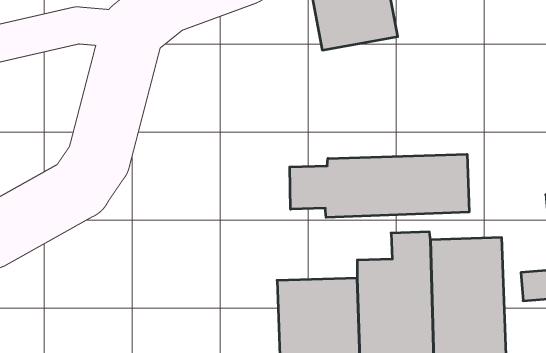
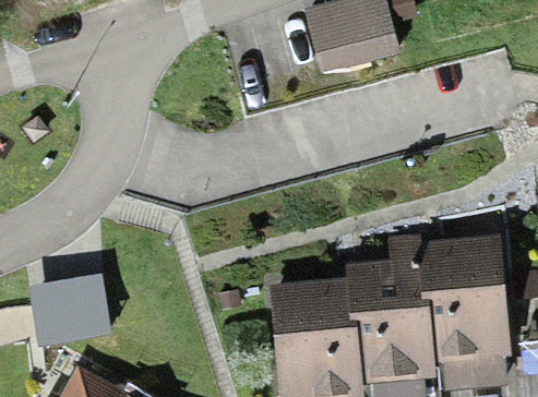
building: [290,154,469,217] -> none
building: none -> [24,262,109,338]

